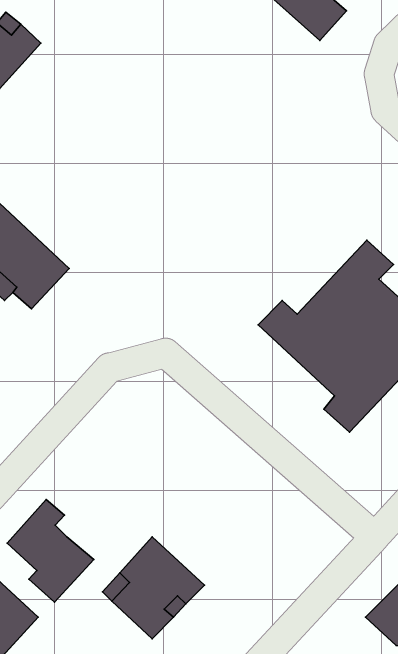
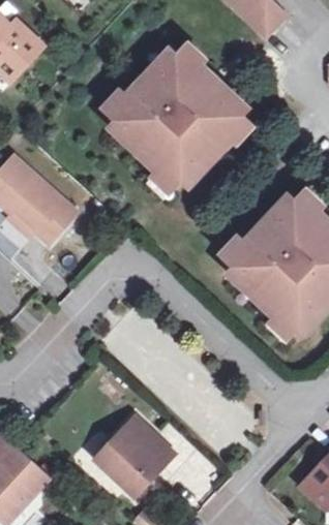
building: none -> [96,43,249,191]
building: [7,499,94,602] -> none

